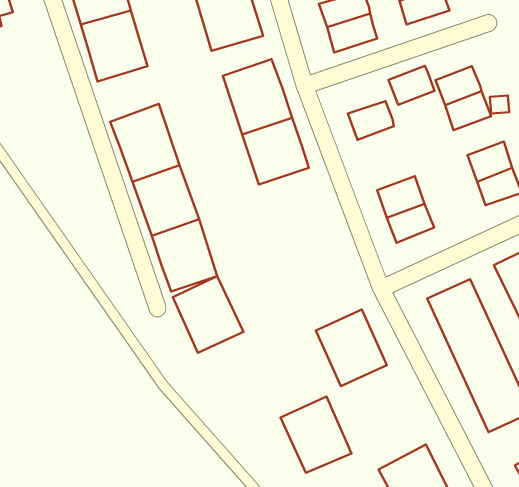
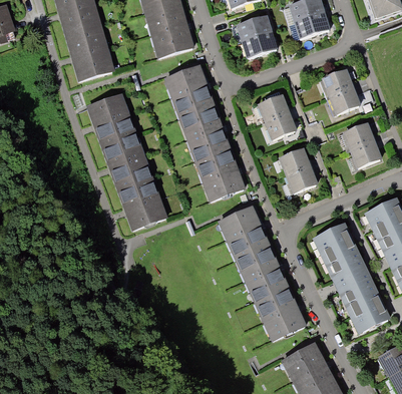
building: [389,66,434,105] -> [264,111,297,139]
building: none -> [192,141,245,200]
building: [173,276,244,353] -> [216,204,267,259]
building: [281,396,352,473] -> [252,284,303,339]

